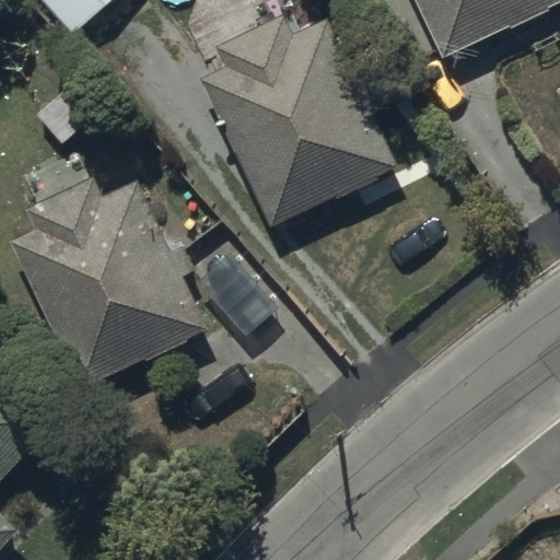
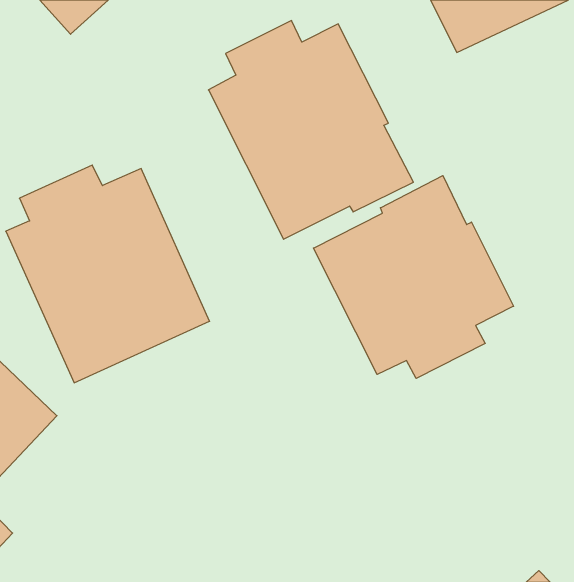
building: none -> [313,176,514,378]

